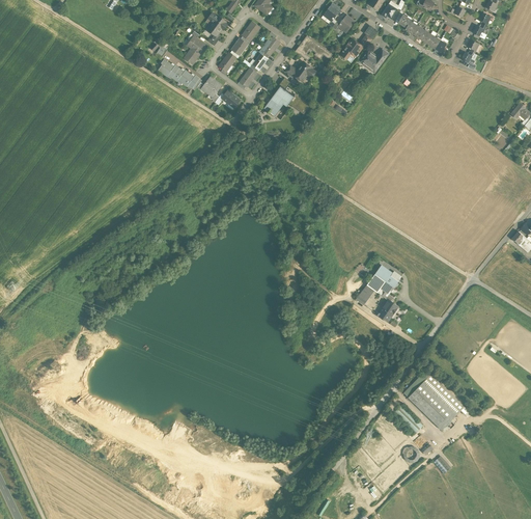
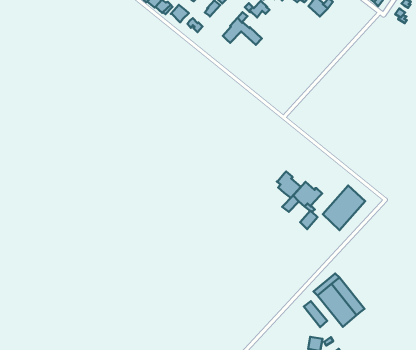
building: none -> [277,171,301,198]
building: none -> [323,186,365,230]

